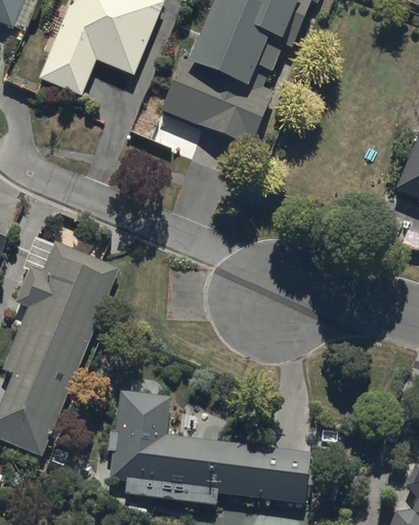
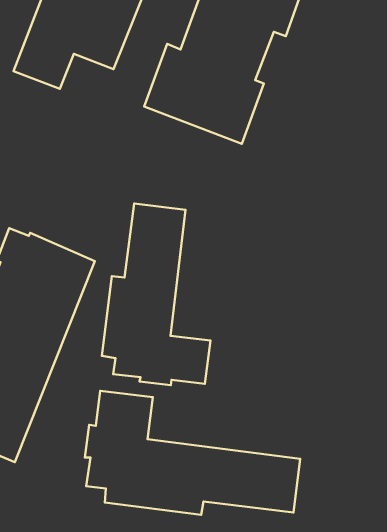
building: none -> [102,203,210,385]

